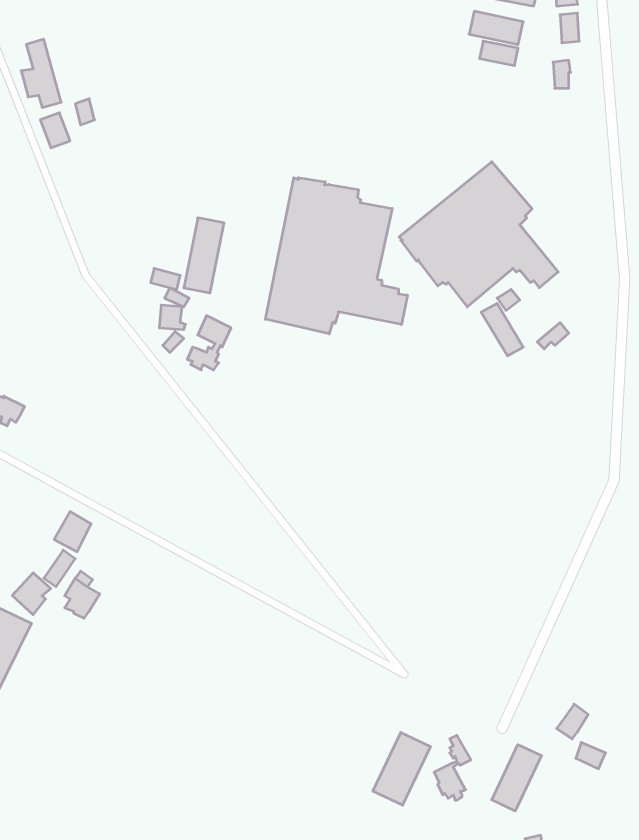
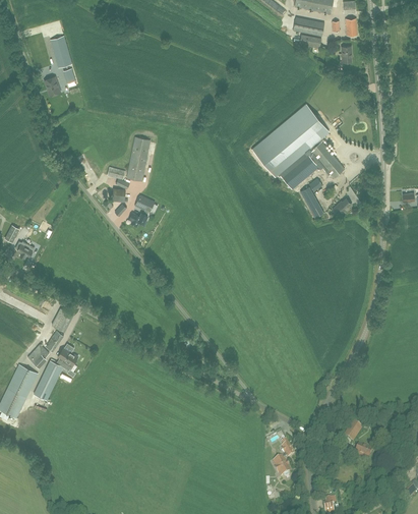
building: none -> [51,35,72,67]
building: [265,178,407,334] -> none
building: none -> [34,358,63,400]
building: [373,732,430,805] -> none
building: [492,745,542,811] -> none

